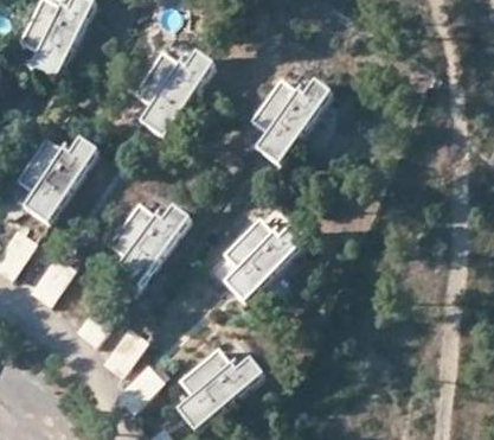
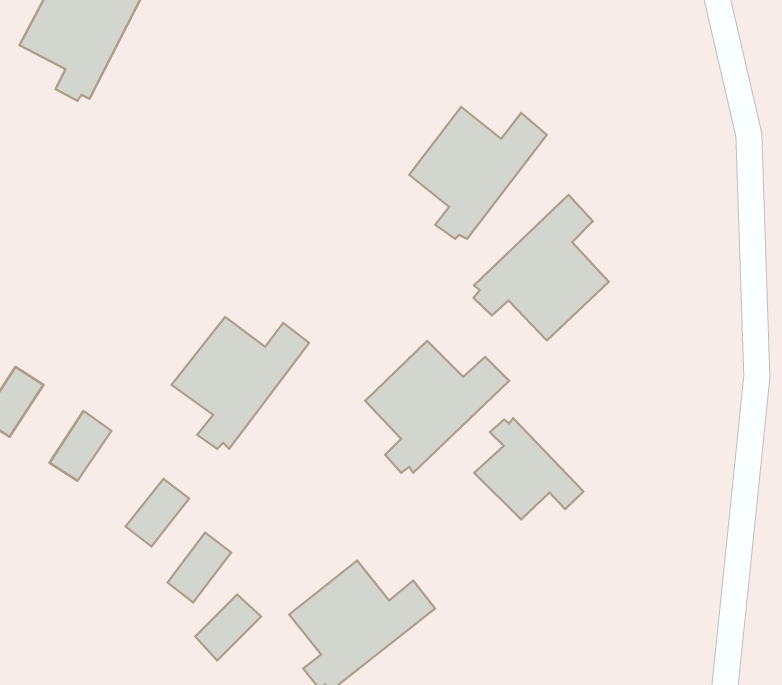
building: [133,51,213,130] -> none
building: none -> [474,195,609,340]
building: [14,136,95,216] -> none
building: none -> [474,418,583,519]

